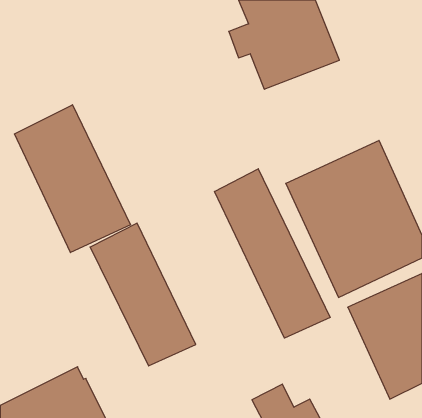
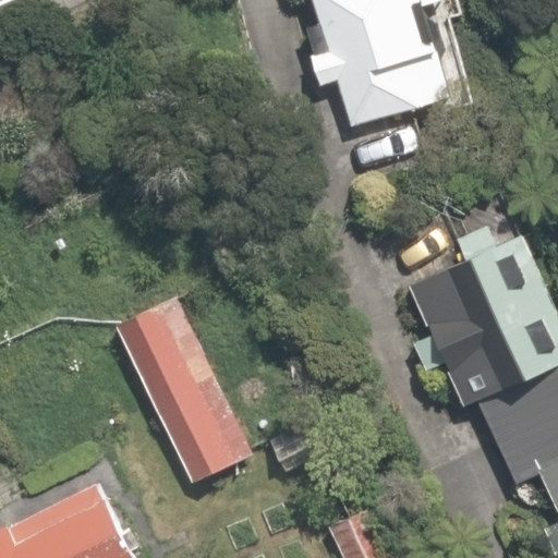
building: [15,105,130,253] -> none
building: [215,169,330,338] -> none

